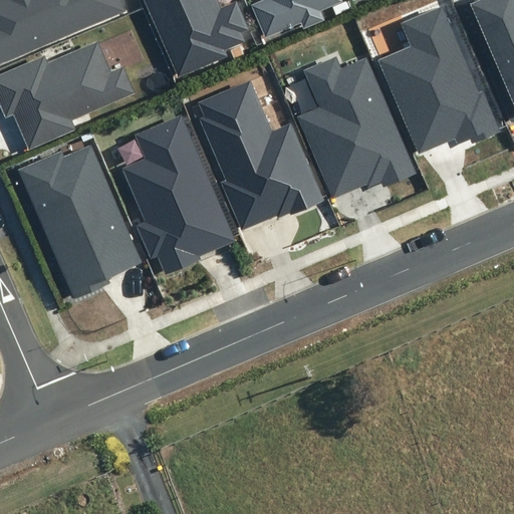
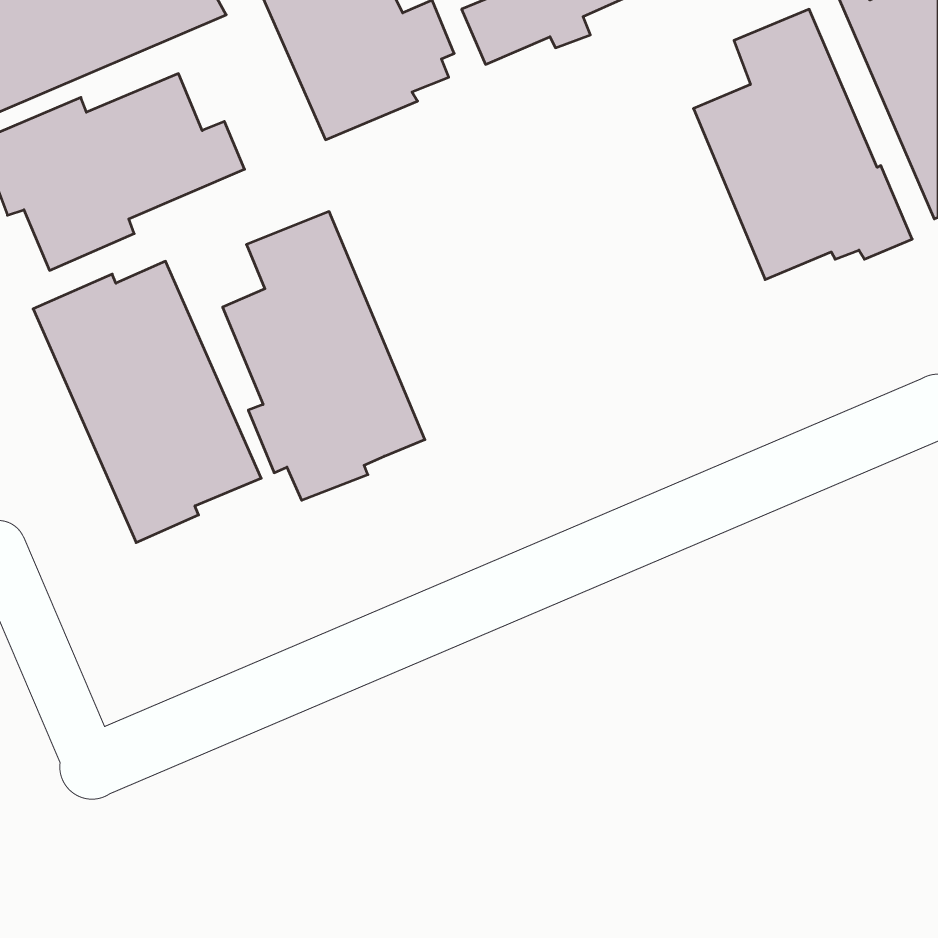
building: [297,56,416,198] -> none
building: [197,78,324,230] -> none

